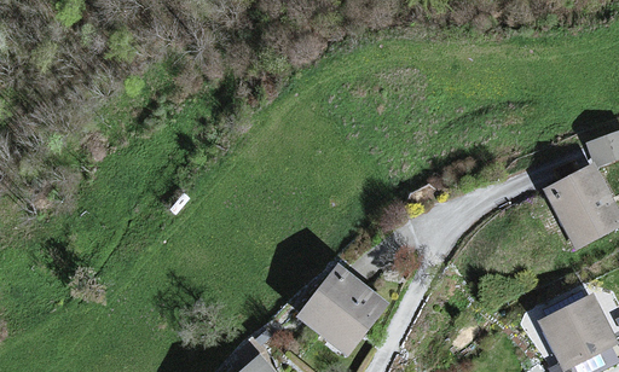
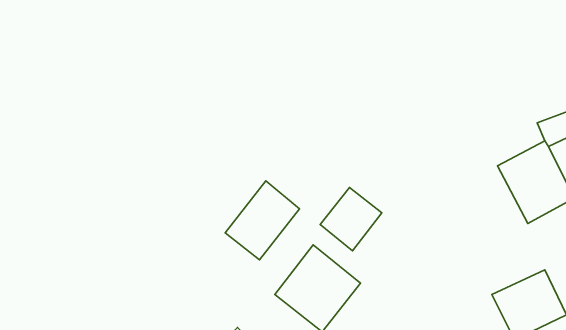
building: none -> [225,181,300,260]
building: none -> [320,187,382,251]

